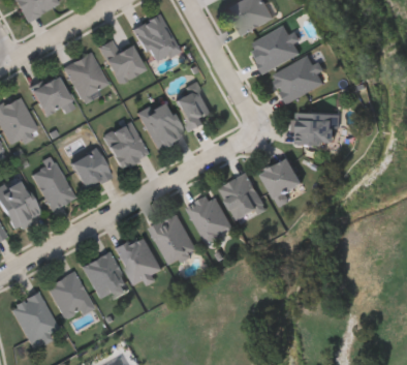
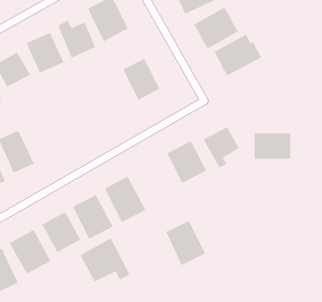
building: [137,98,184,149] -> none
building: [296,113,338,143] -> [254,133,291,160]
building: [103,120,148,169] -> none
building: [68,148,111,190] -> none
building: [188,192,233,243] -> [165,220,206,266]
building: none -> [79,237,130,283]

